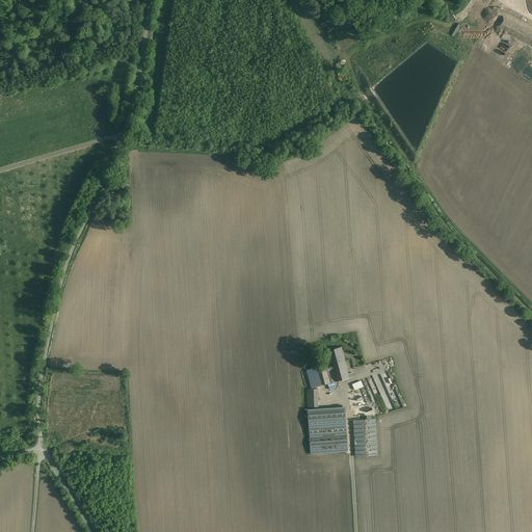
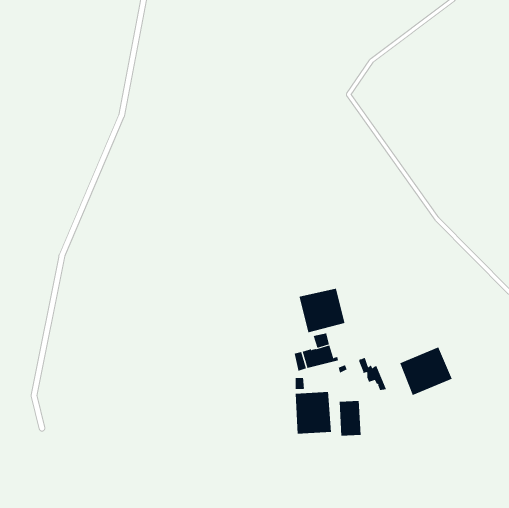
building: none -> [299,288,345,333]
building: none -> [399,347,453,396]

